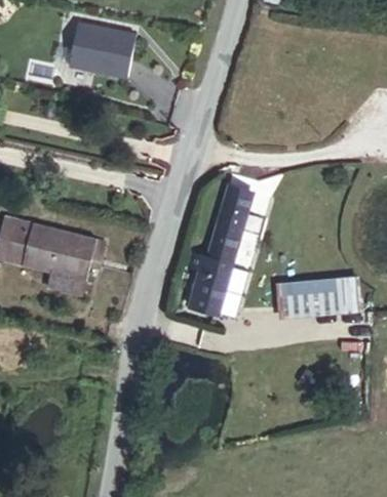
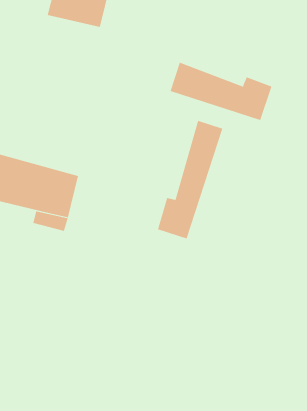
building: none -> [170,62,272,121]
building: [278,281,343,318] -> none

